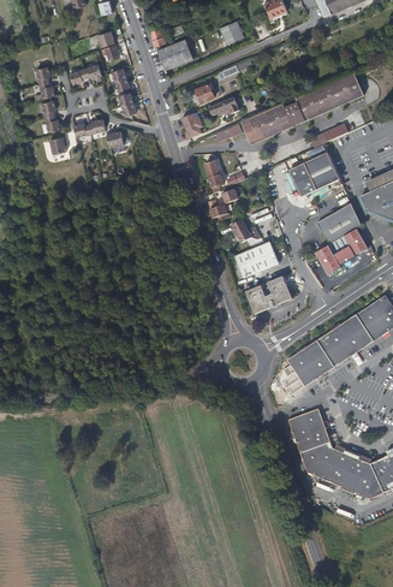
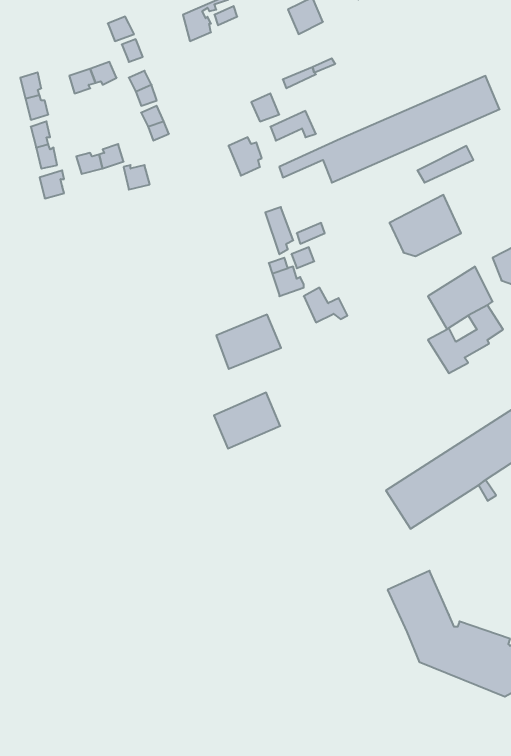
building: [159,38,195,70] -> none
building: [234,239,279,277] -> [216,315,281,369]
building: [246,274,292,313] -> [214,393,280,449]

